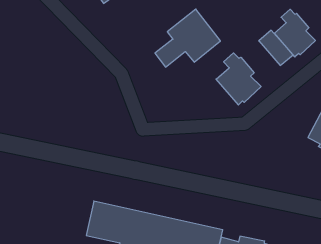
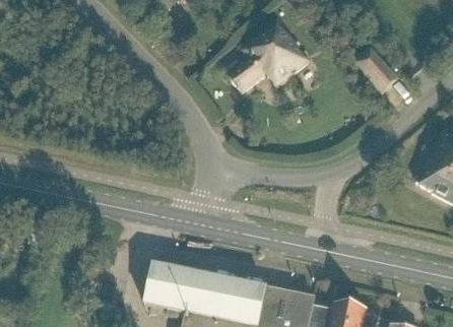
building: [274,9,315,57] -> none
building: [216,53,261,105] -> none

